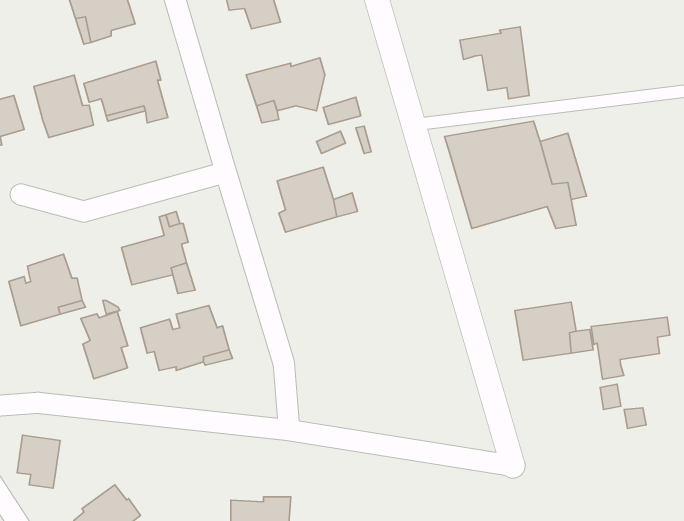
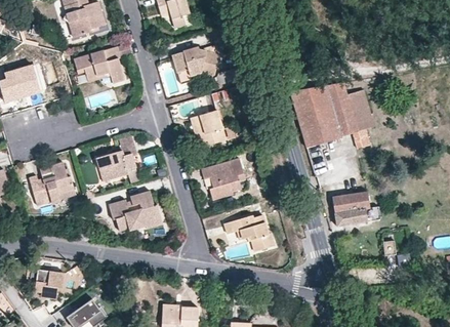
building: [460,27,529,99] -> none
building: [34,75,94,137] -> none
building: none -> [201,161,245,199]
building: [81,311,128,379] -> none
building: [591,317,670,379] -> none
building: none -> [223,214,274,250]

